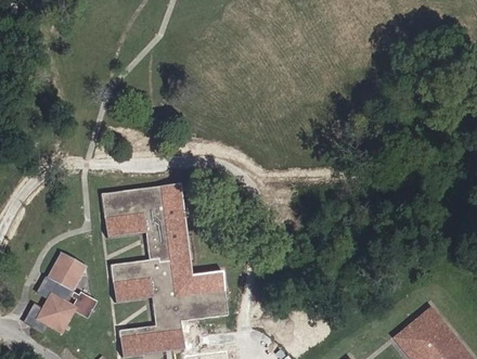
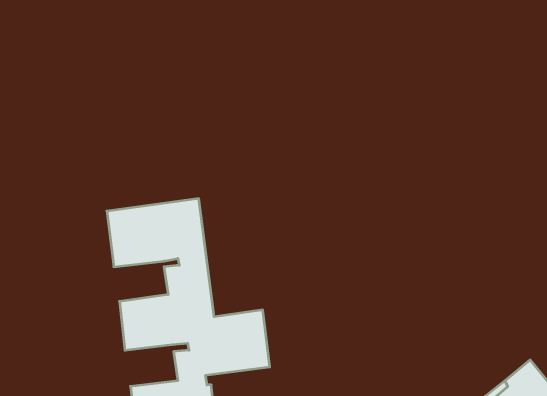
building: [30,252,93,331] -> none

